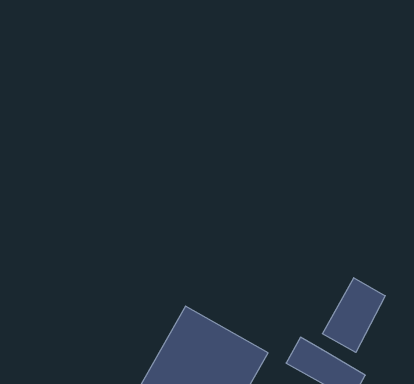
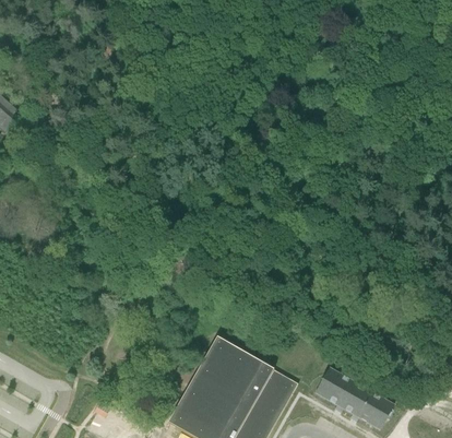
building: [322,278,385,352] -> none

